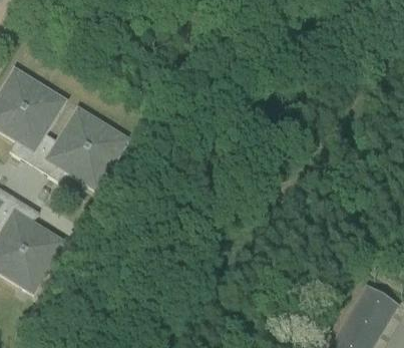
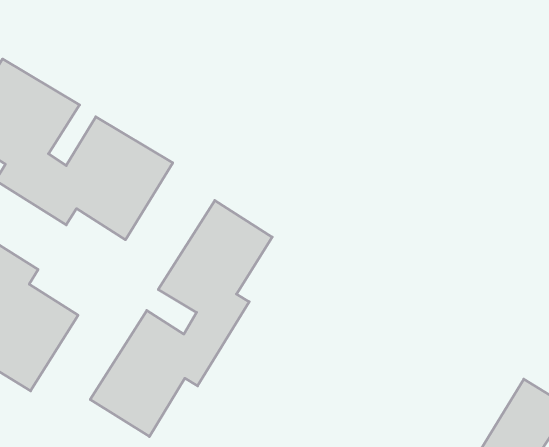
building: none -> [90,200,272,437]

